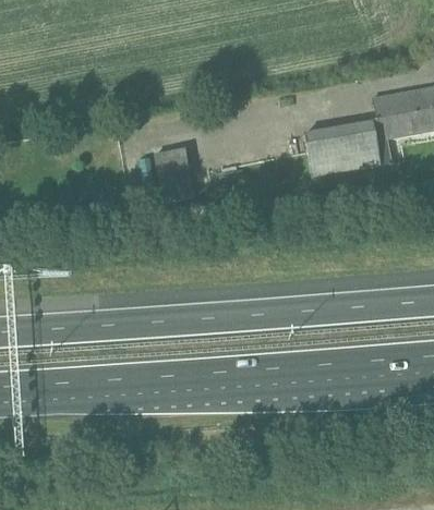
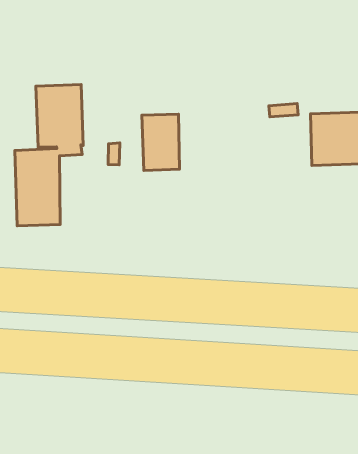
building: none -> [15,85,83,226]

